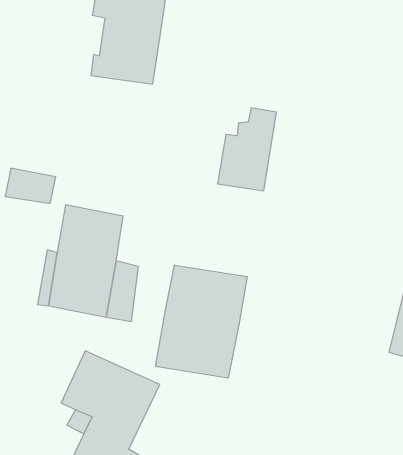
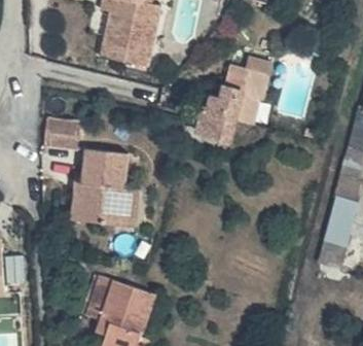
building: none -> [221,49,265,114]
building: [156,265,247,378] -> none

